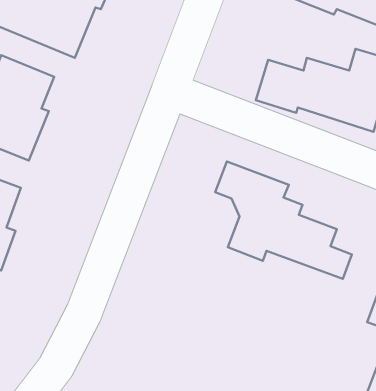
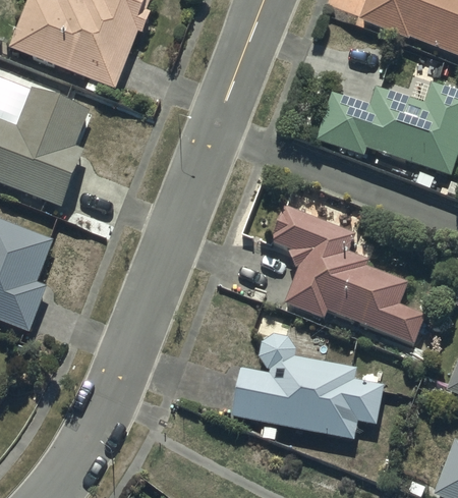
building: none -> [230,355,382,439]

